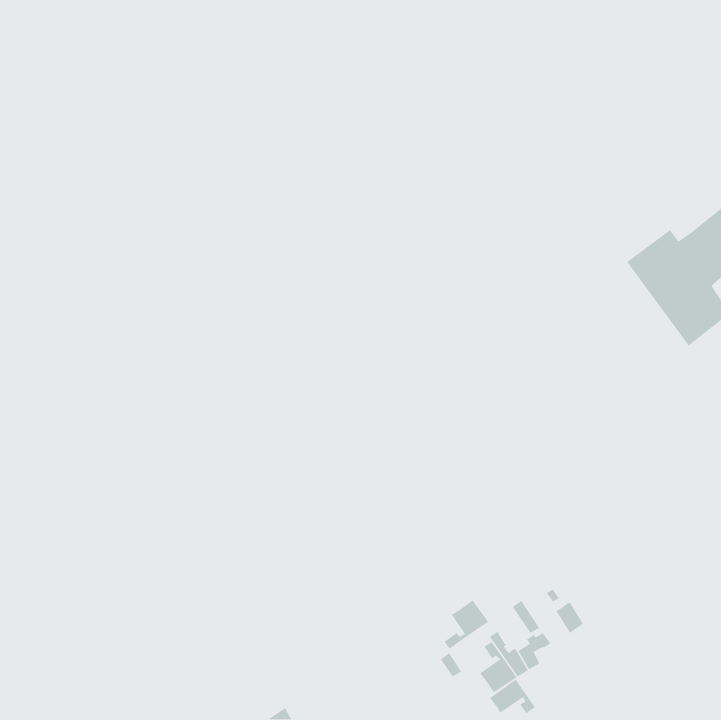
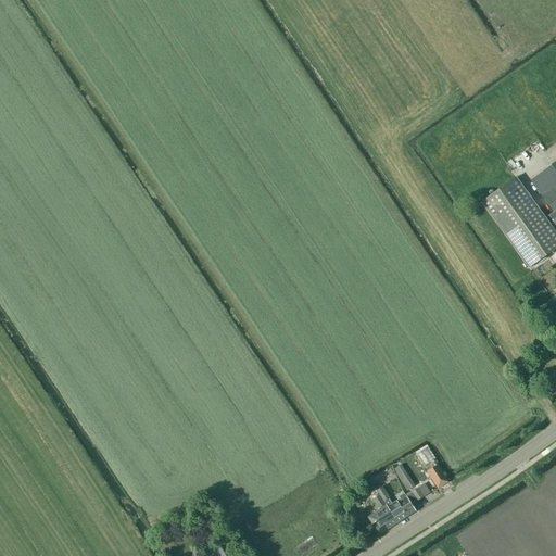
building: [444,600,489,649] -> none
building: [489,679,536,714] -> none

